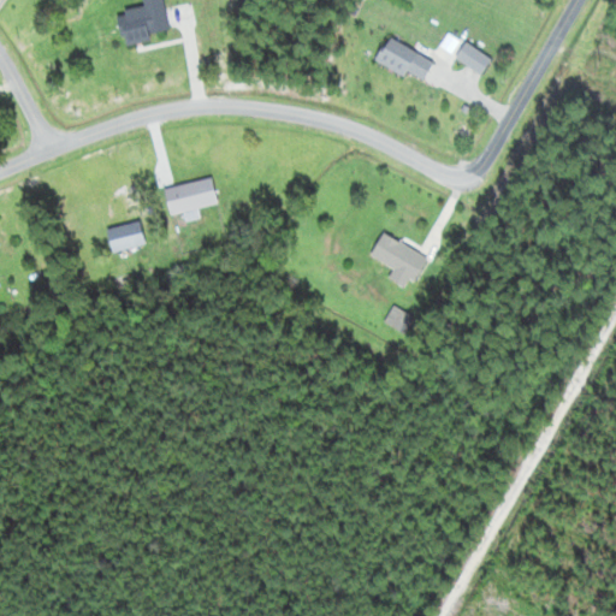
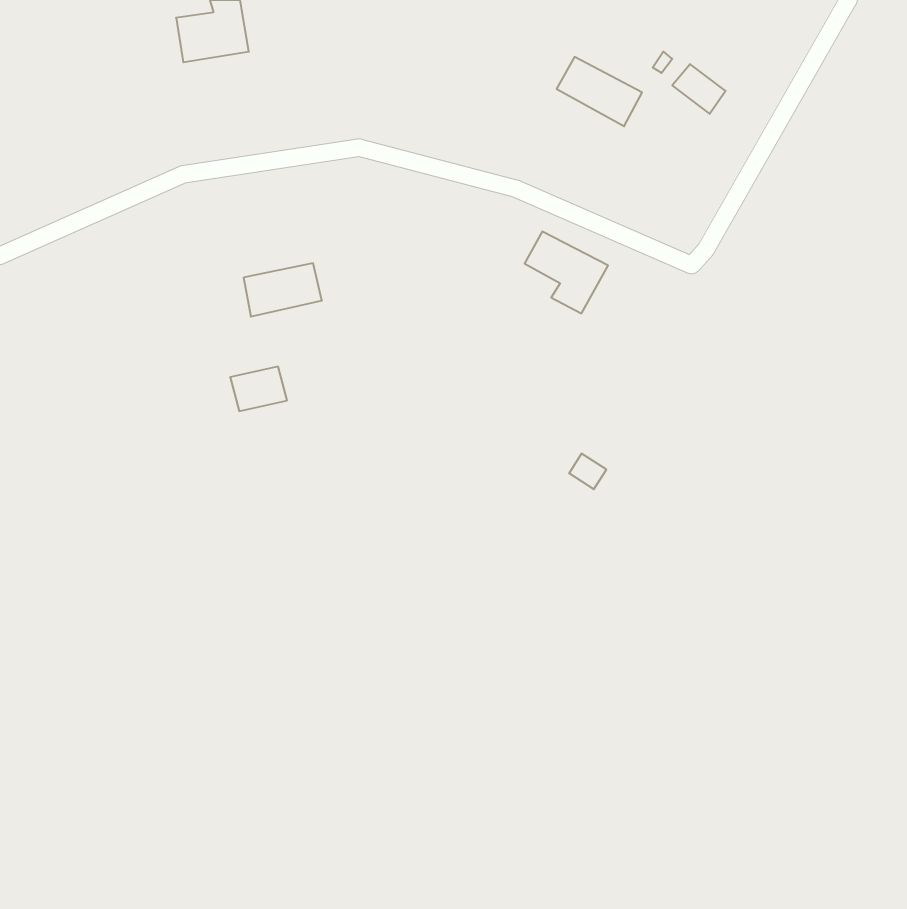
building: [107,221,146,251] -> [230,367,287,411]
building: [371,233,427,289] -> [525,232,608,313]

